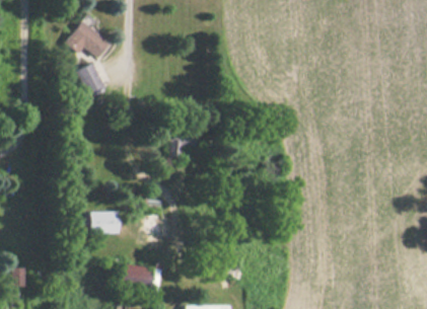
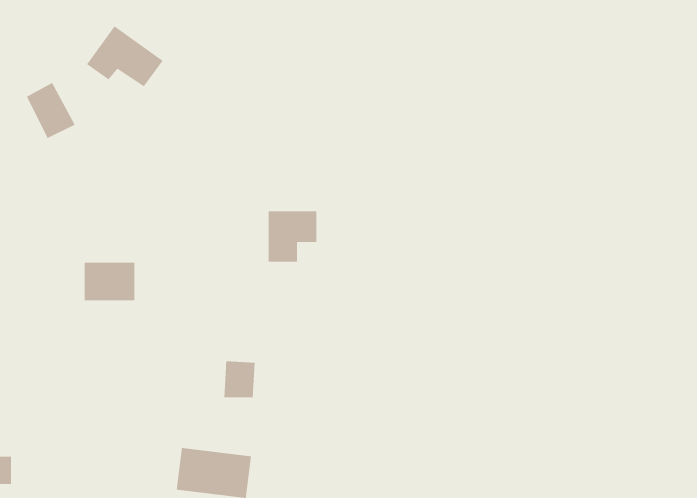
building: [78,63,106,95] -> [26,82,76,139]
building: [88,212,118,234] -> [84,262,135,301]

